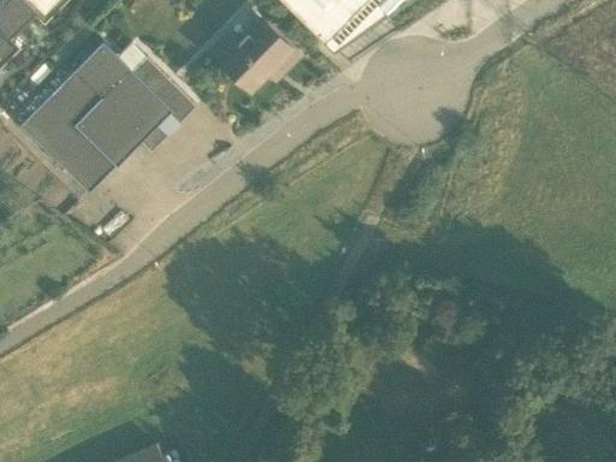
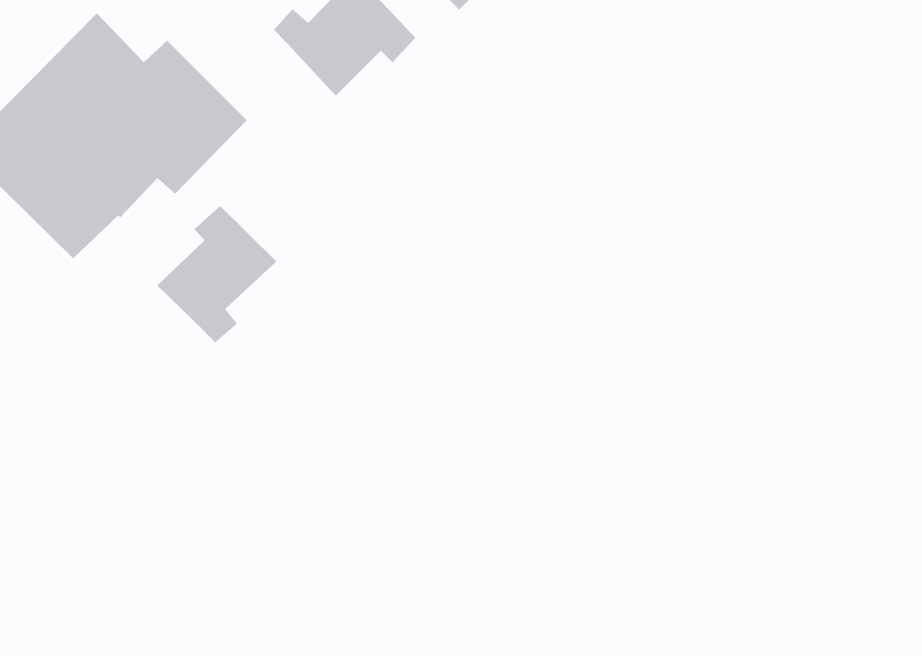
building: none -> [157,205,277,344]

